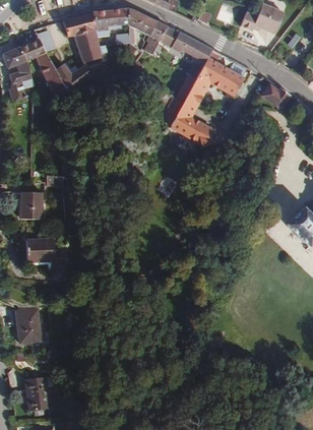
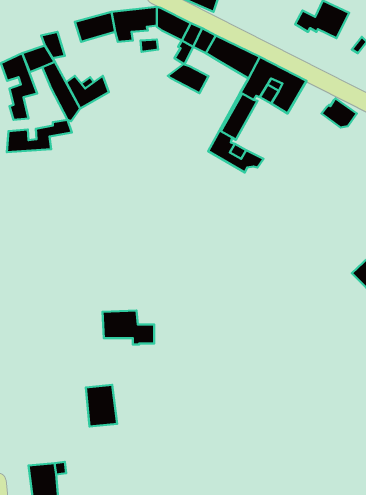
building: [73,28,106,62] -> none
building: none -> [168,64,208,93]
building: none -> [7,120,72,152]
building: [20,191,42,220] -> none
building: [25,239,67,266] -> [103,311,154,345]
building: [16,309,42,343] -> [86,385,117,426]

